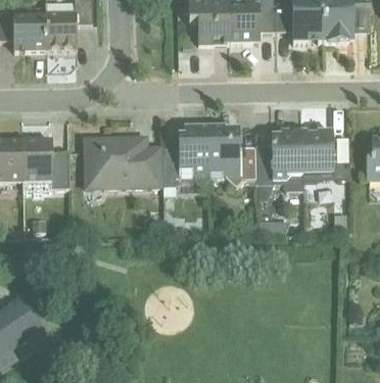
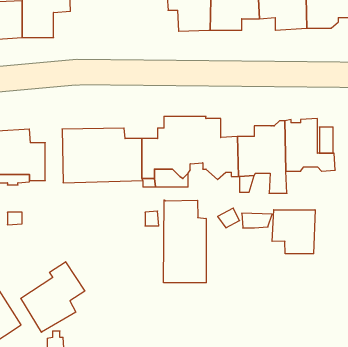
building: none -> [164,200,206,283]
building: none -> [272,210,315,254]
building: none -> [21,262,85,332]

